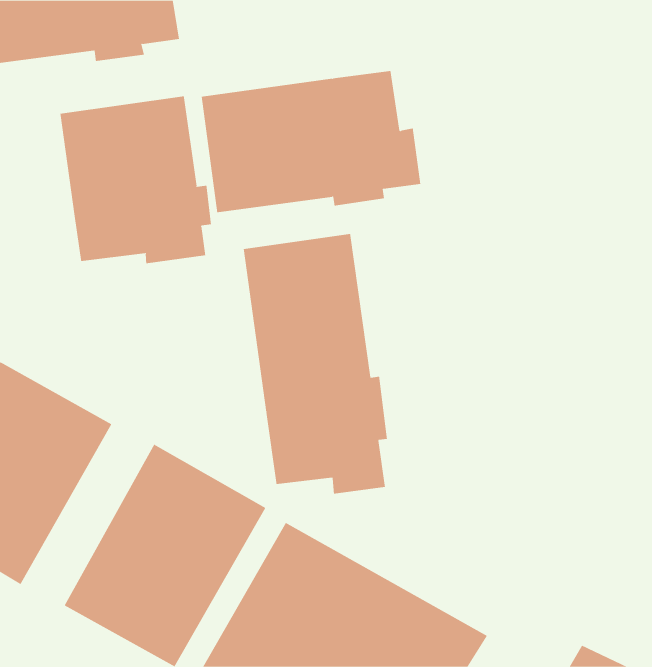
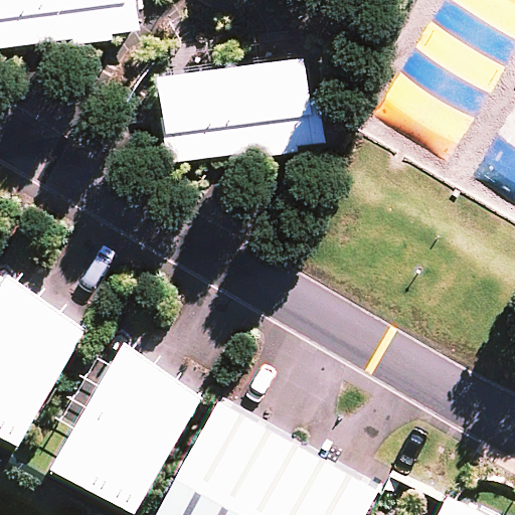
building: [60,95,212,264] -> none
building: [243,233,387,495] -> none

